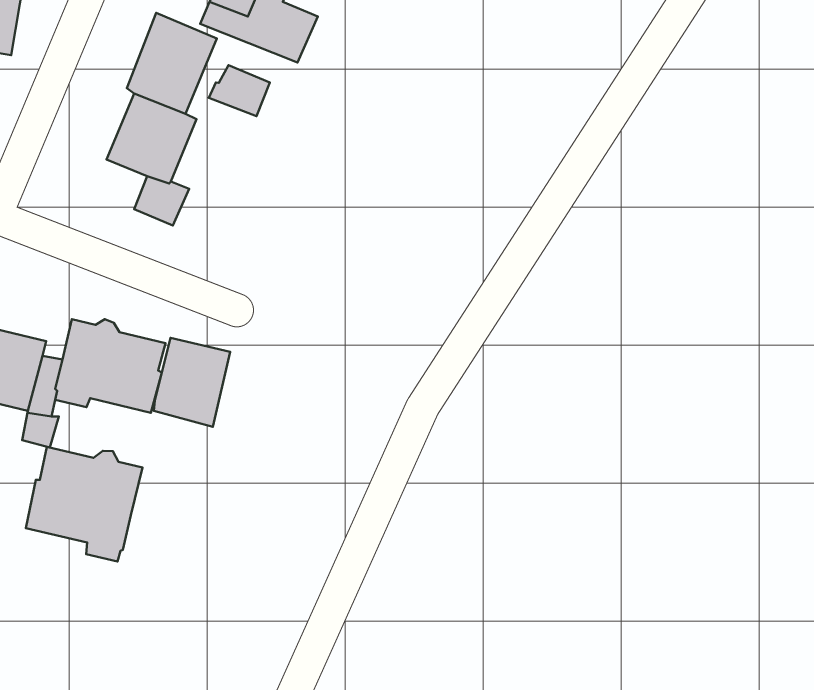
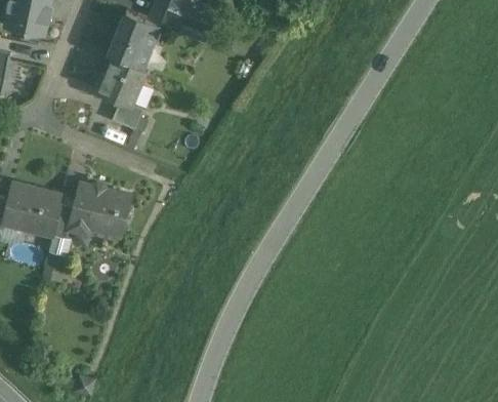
building: [209,65,270,116] -> none
building: [154,338,230,427] -> none
building: [26,447,142,562] -> none

